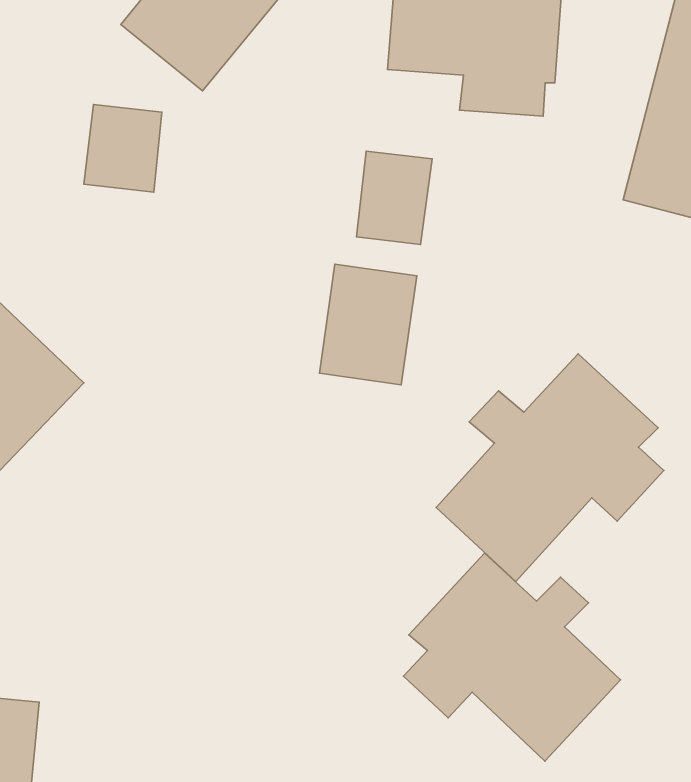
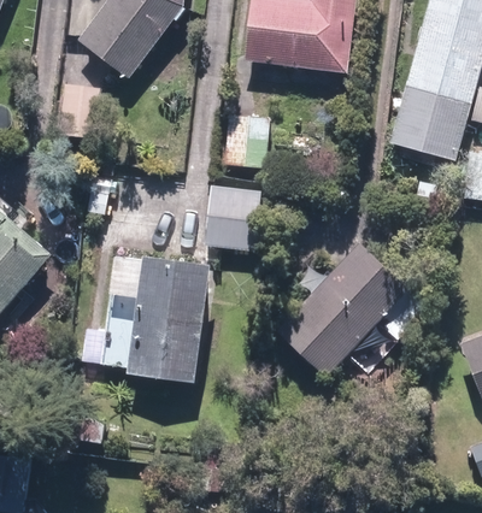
building: none -> [78,249,214,379]
building: [404,553,620,761] -> none

